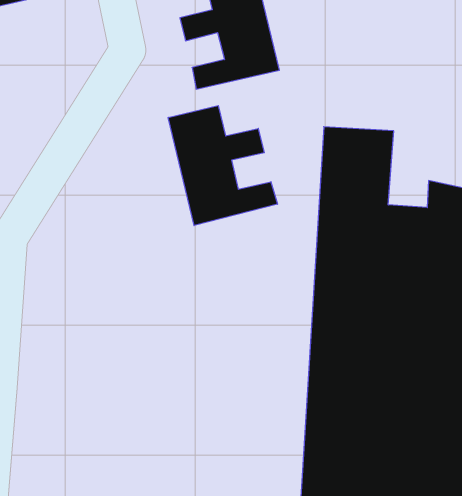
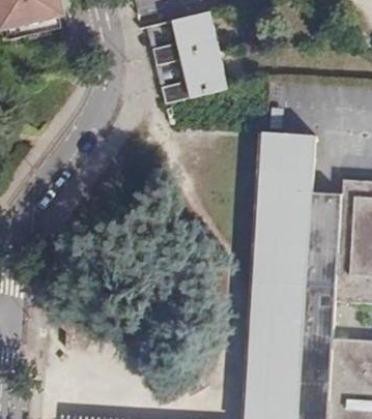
building: [168,106,277,226] -> none

